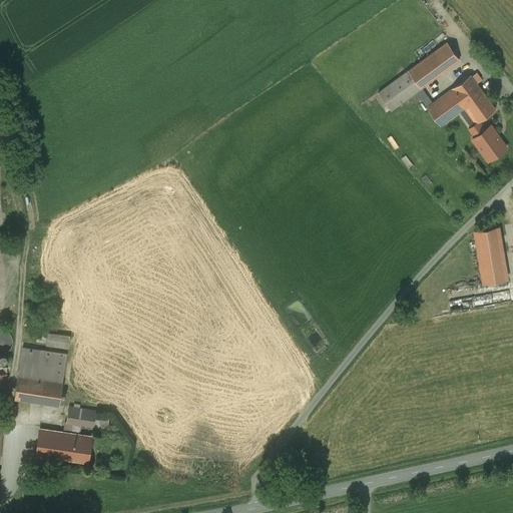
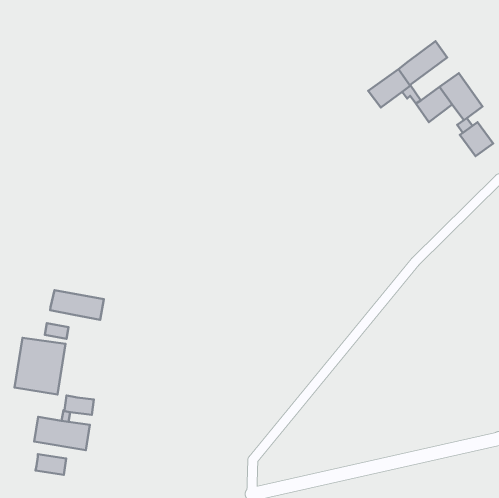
building: [474,227,506,285] -> none
building: none -> [50,290,104,320]
building: none -> [36,454,66,475]

